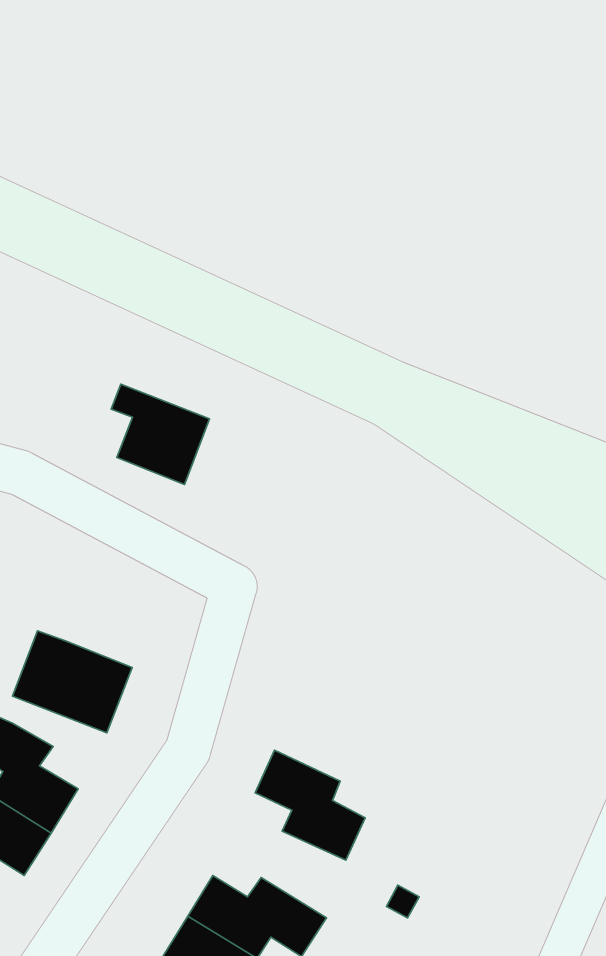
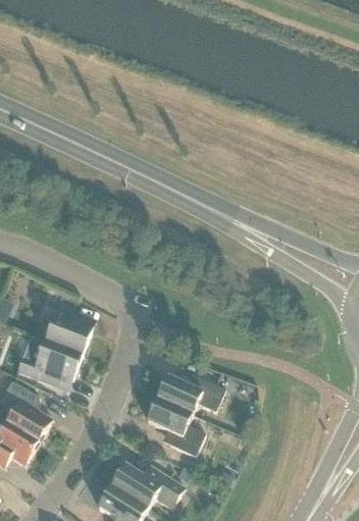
building: [111,384,209,484] -> [42,303,94,356]
building: none -> [156,375,224,416]

